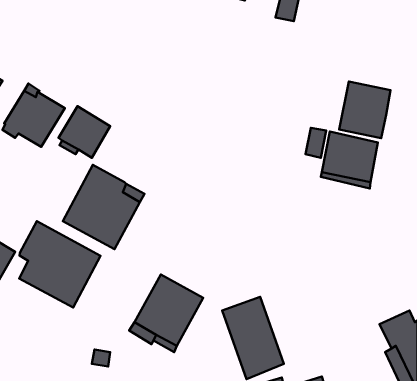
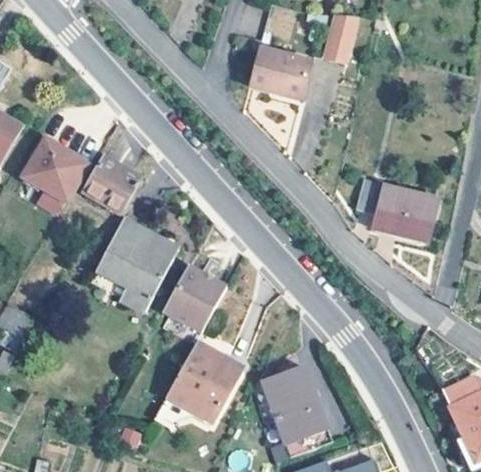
building: none -> [247,48,311,99]
building: [339,82,391,138] -> none
building: none -> [162,266,227,332]
building: [19,221,100,308] -> none

